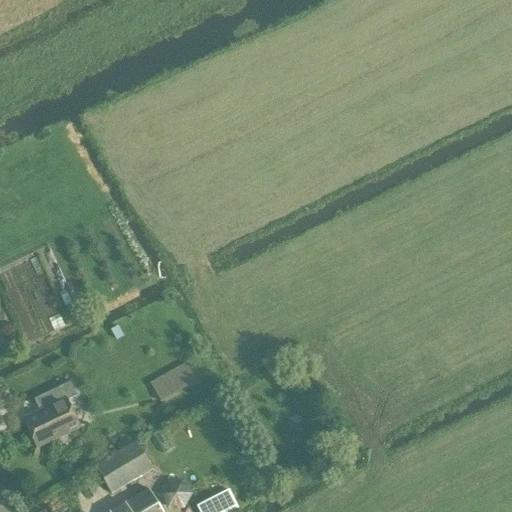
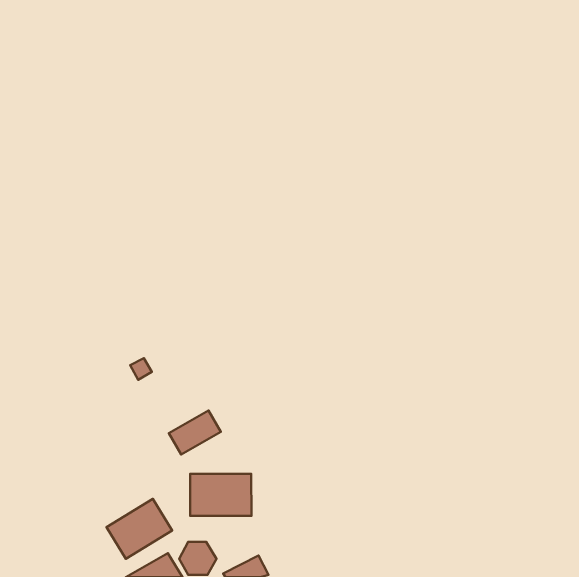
building: [23,381,79,447] -> none
building: none -> [190,474,251,516]

